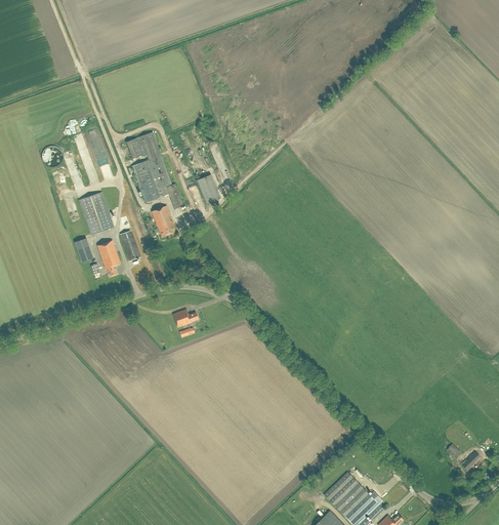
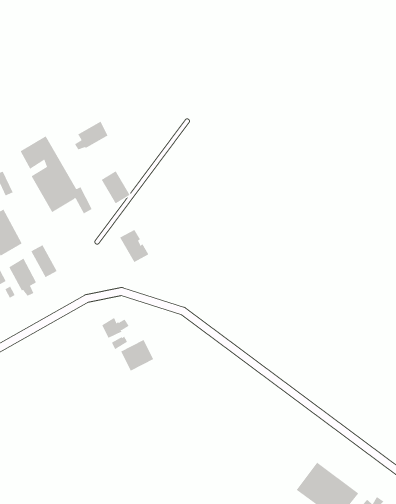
building: none -> [74,121,108,150]
building: [152,206,176,237] -> [119,229,149,263]
building: none -> [120,339,154,372]

